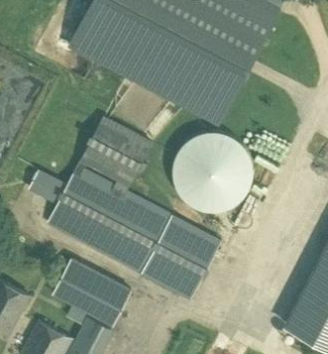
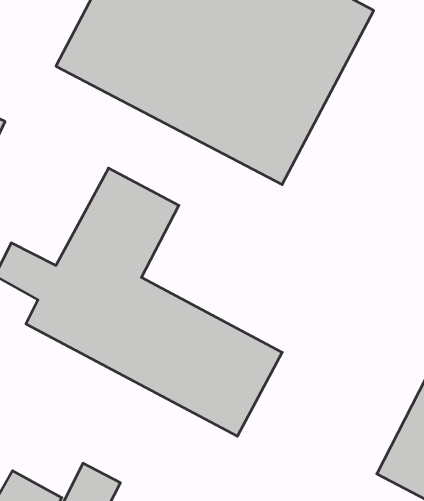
building: [175,134,253,212] -> none
building: [53,258,131,324] -> none

